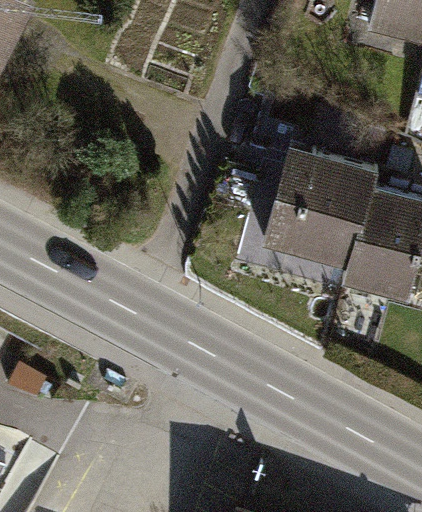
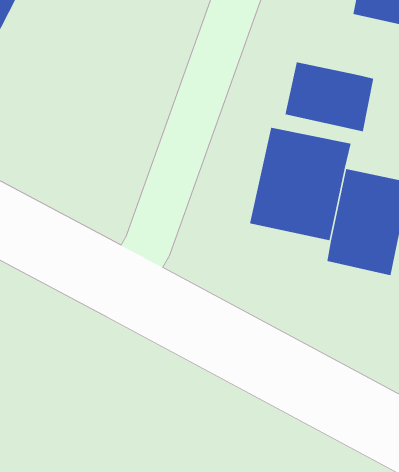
building: none -> [285,61,374,132]

